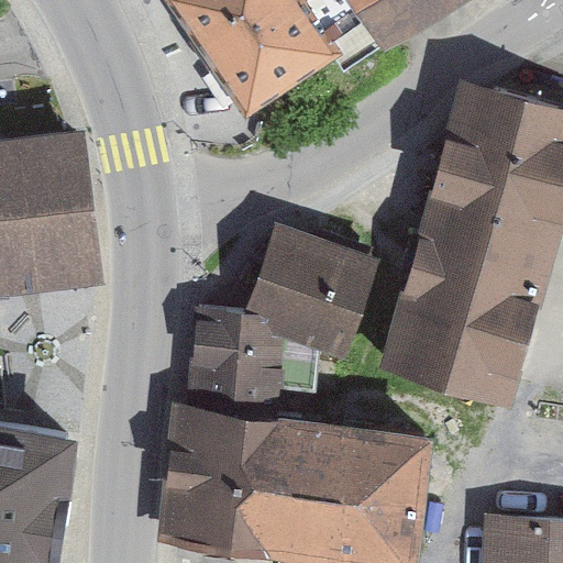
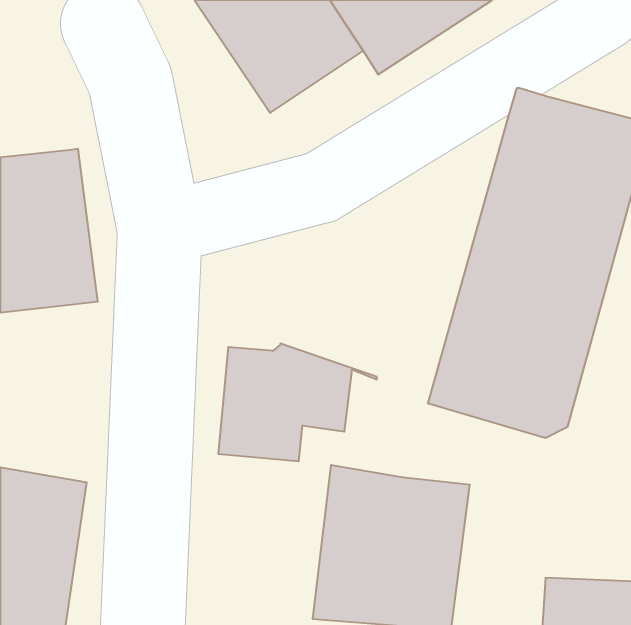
building: [251,239,362,342] -> none
building: [178,410,296,556] -> none

